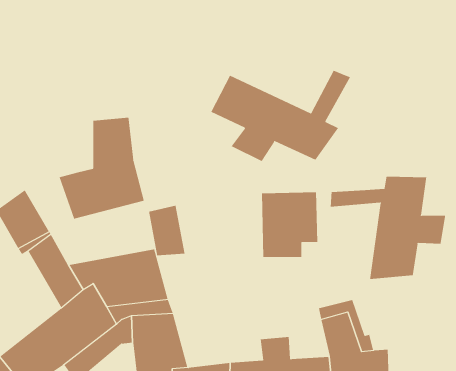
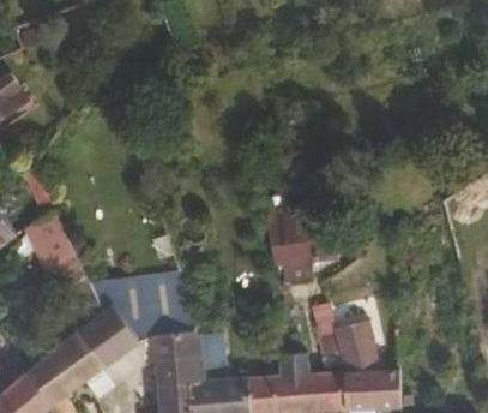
building: [211,70,351,162] -> none
building: [59,117,145,220] -> none
building: [330,176,446,280] -> none
building: [148,205,185,256] -> none

